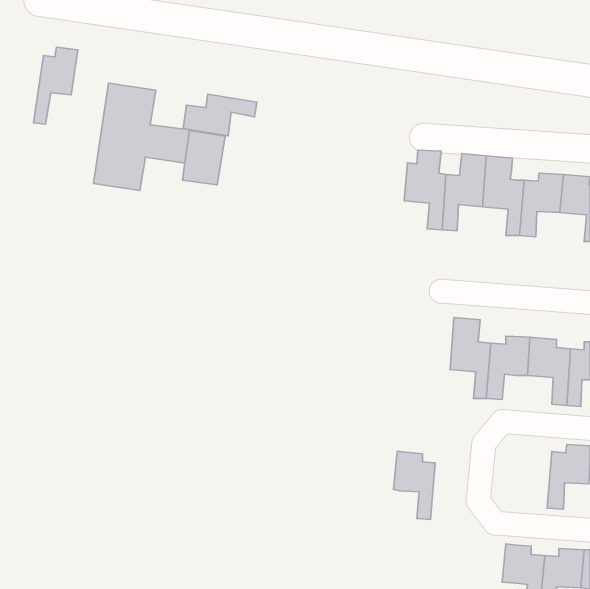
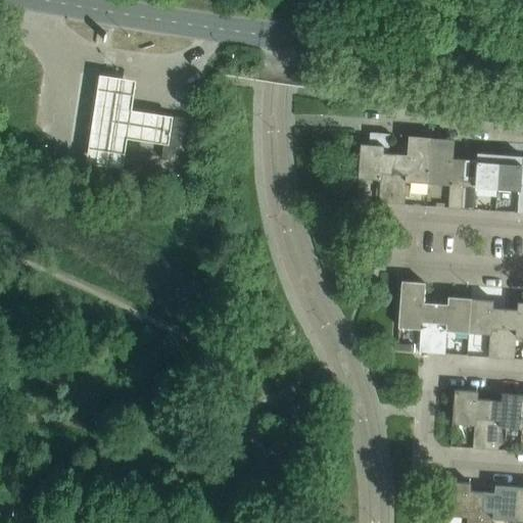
building: [34,47,78,124] -> none
building: [183,94,257,136] -> none
building: [394,451,435,520] -> [451,390,488,450]

